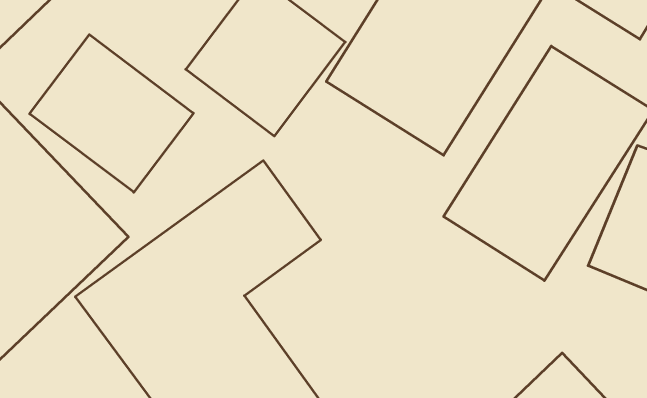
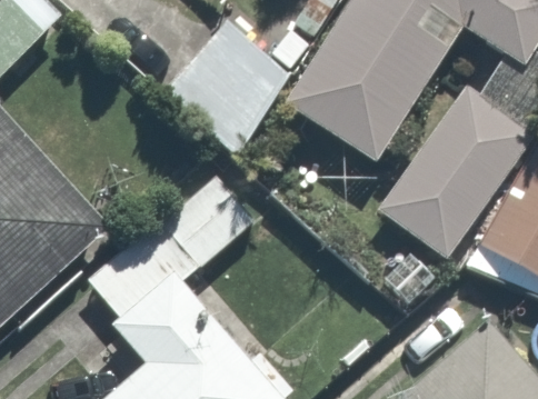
building: [30,35,193,192] -> none

